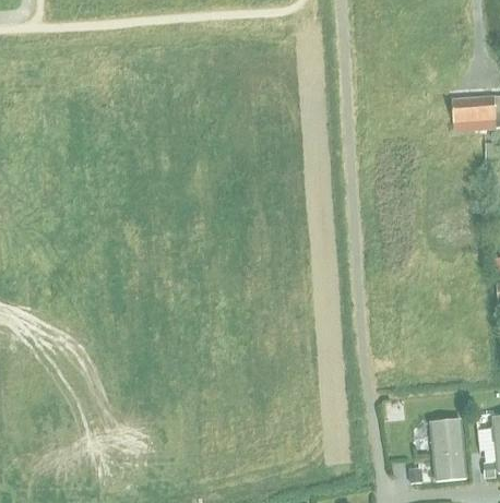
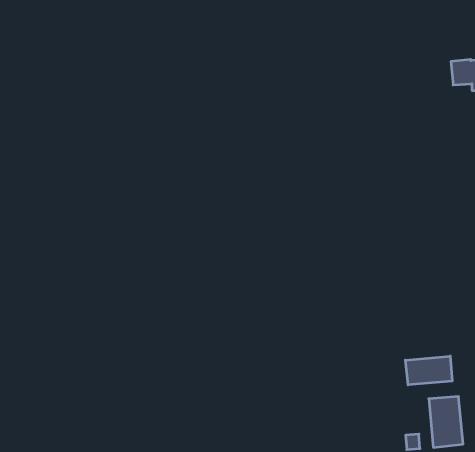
building: none -> [405,356,452,385]

